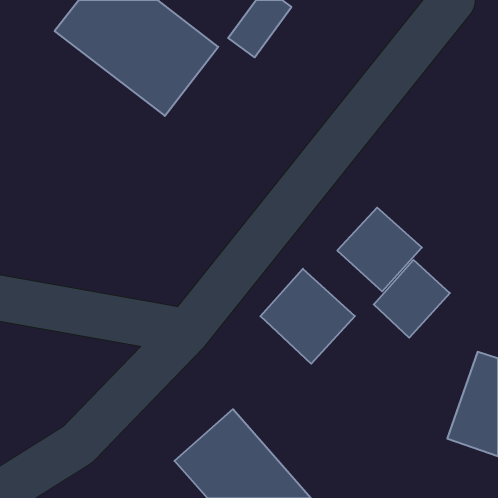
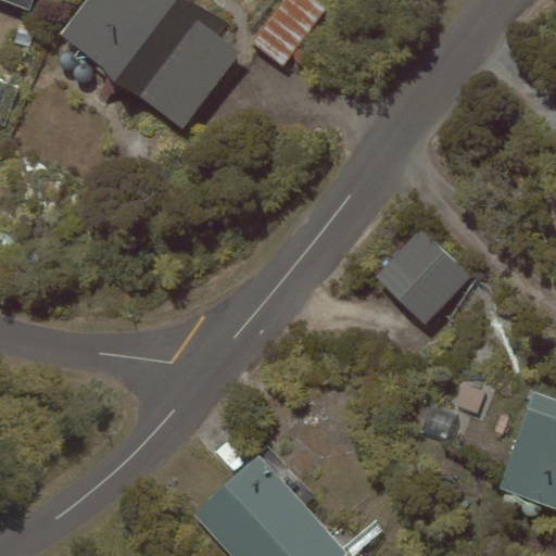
building: [374,260,450,338] -> none
building: [260,269,355,364] -> none

